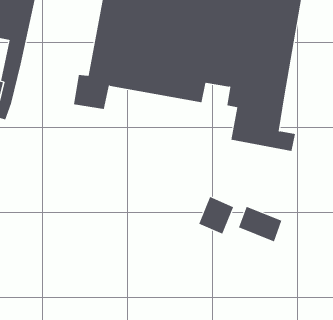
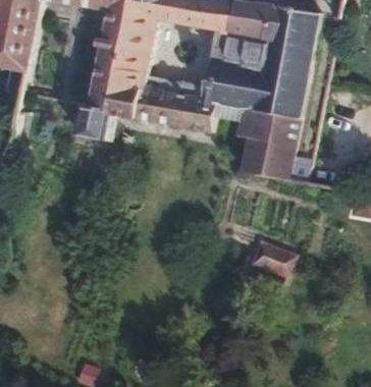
building: [199,196,234,234] -> none

